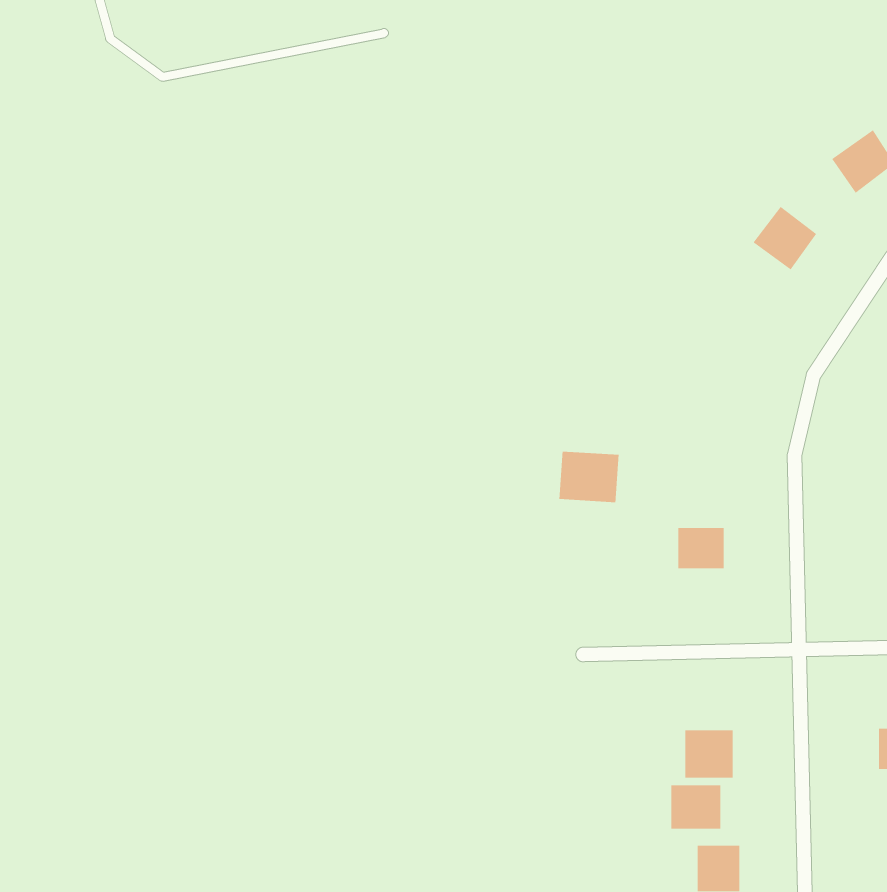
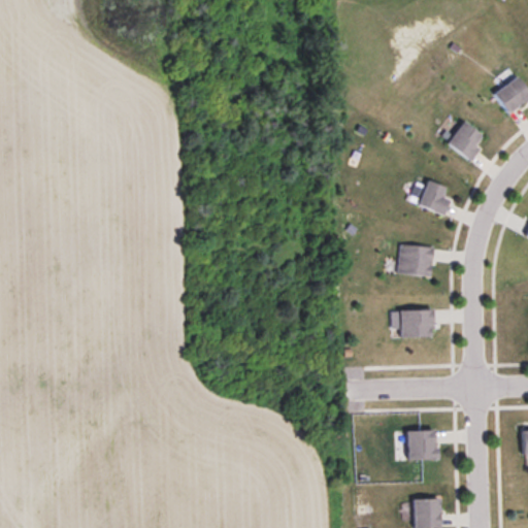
building: none -> [418,179,451,216]
building: [558,451,620,503] -> [397,244,433,275]
building: [670,785,721,829] -> none

